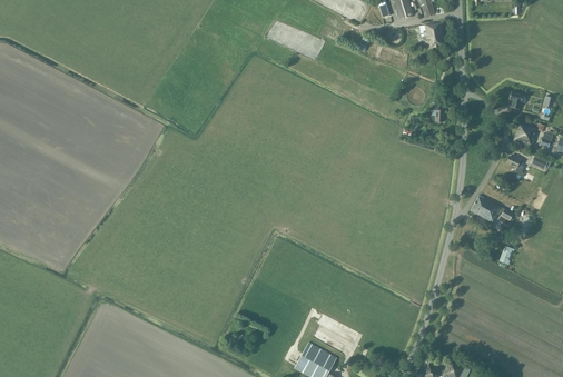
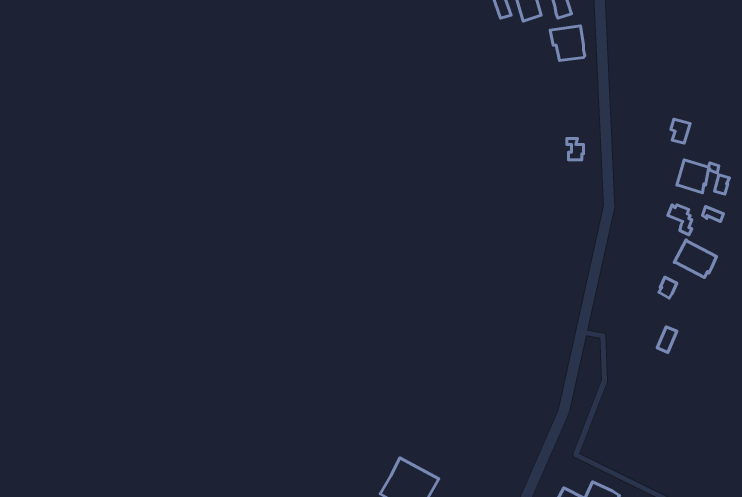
building: [470,194,501,221] -> [674,240,716,278]

